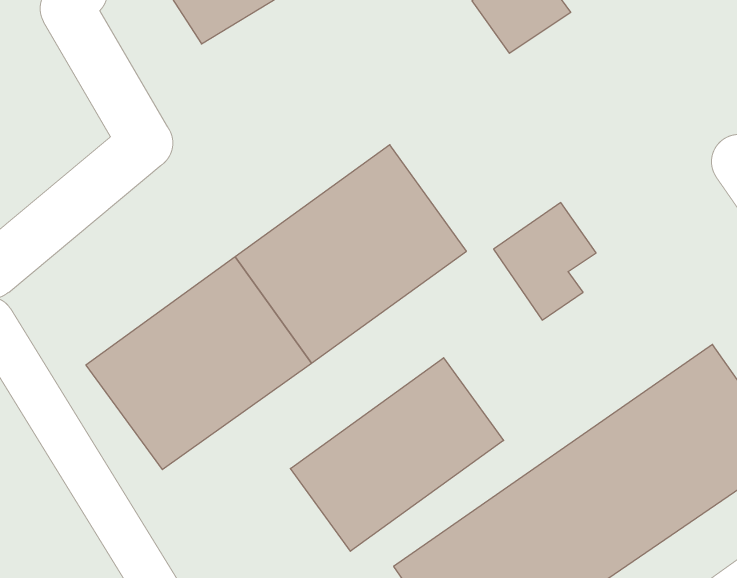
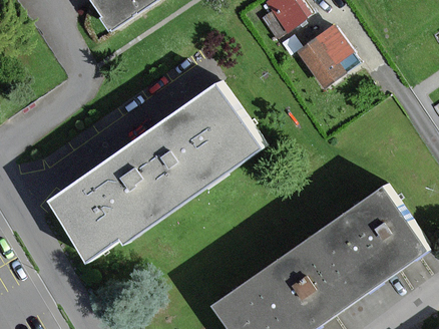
building: [494,203,596,320] -> [296,26,351,89]
building: [290,358,504,551] -> none

